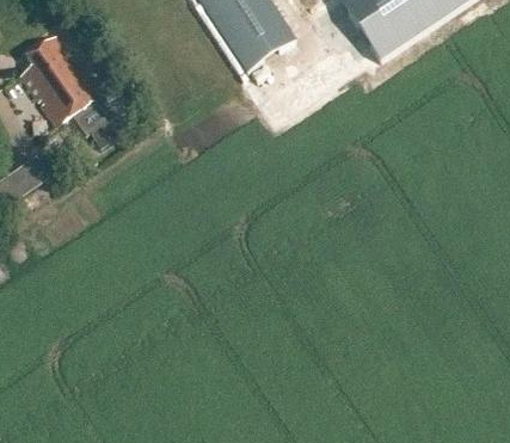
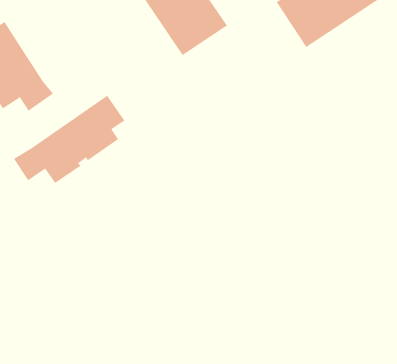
building: none -> [13,95,125,184]

